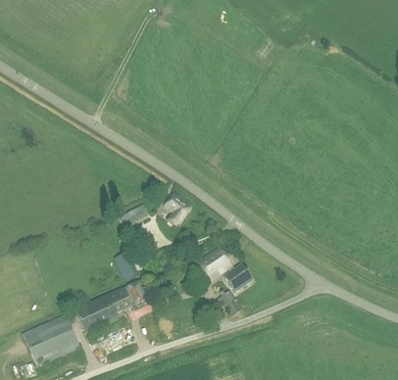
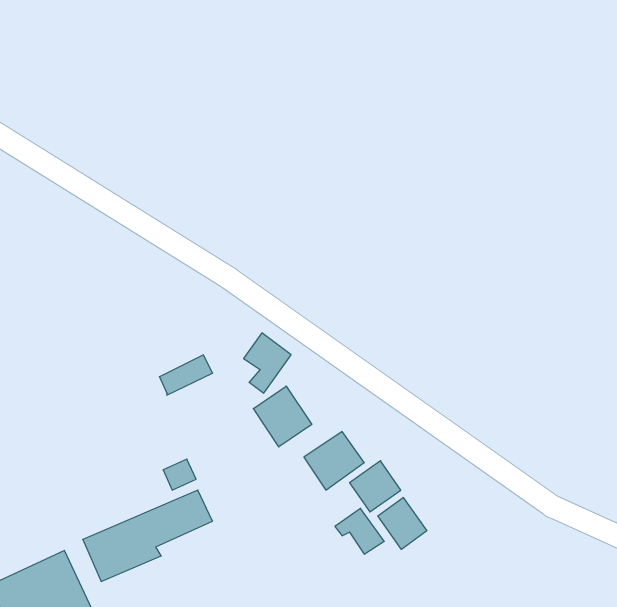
building: none -> [253,386,312,447]
building: none -> [378,497,427,549]

